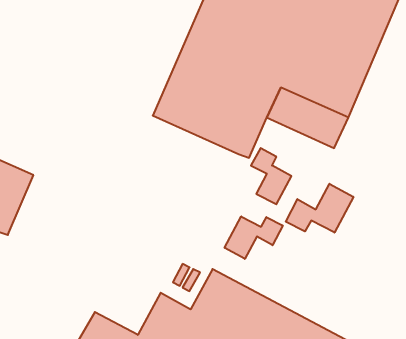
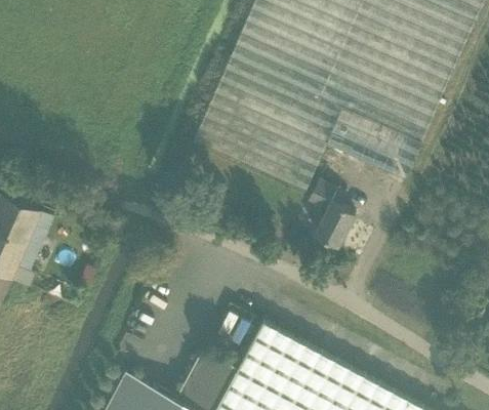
building: [286,184,353,233] -> none
building: [225,216,283,259] -> none

